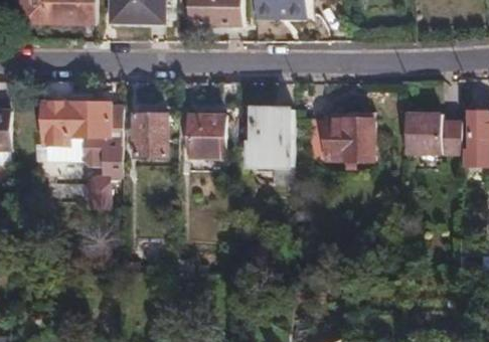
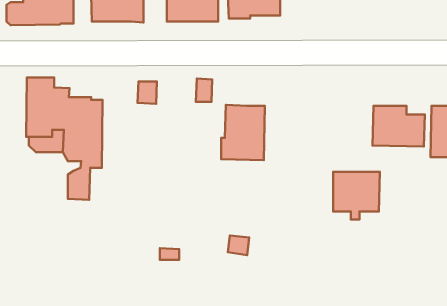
building: [133,114,166,157] -> none
building: [187,115,224,158] -> none
building: [323,119,371,168] -> [333,172,380,219]

